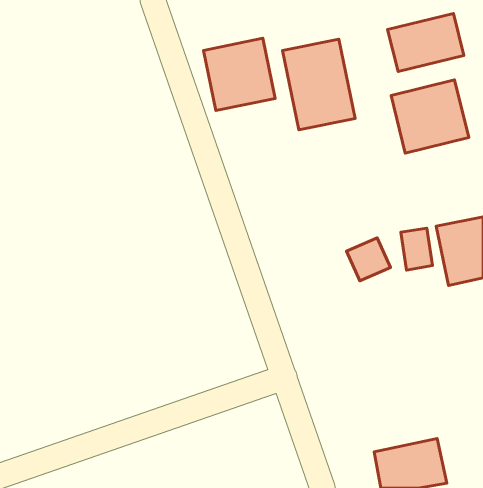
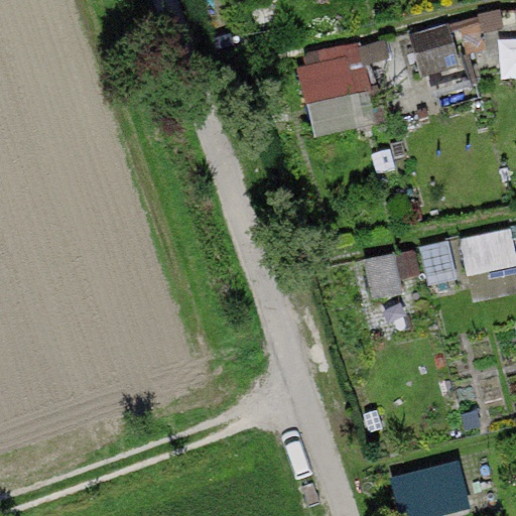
building: [204,38,275,111] -> none
building: [391,80,469,153] -> none

